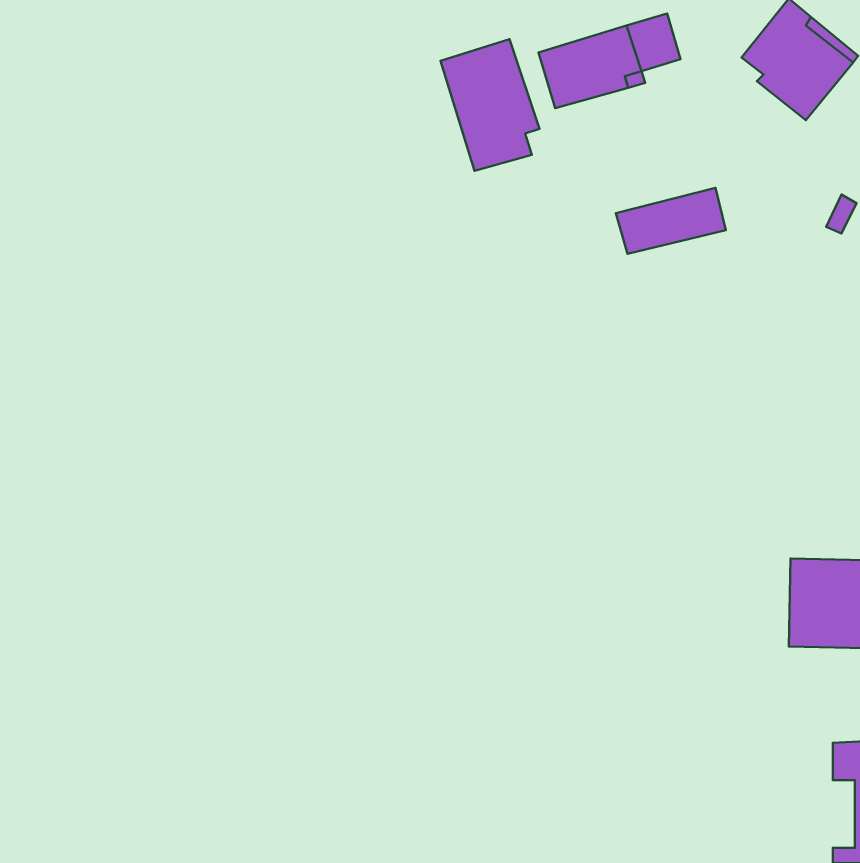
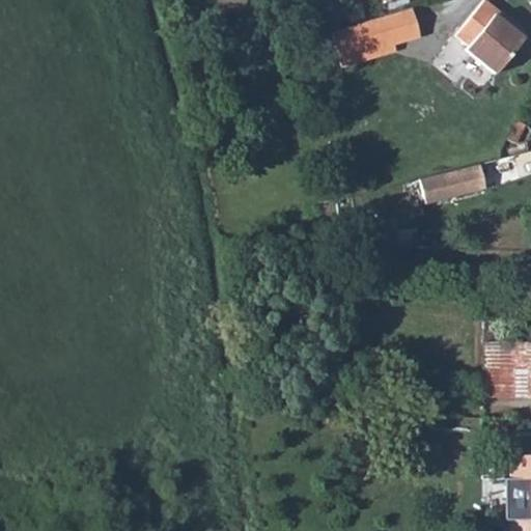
building: [441,39,540,171] -> none
building: [616,188,726,254] -> [419,164,486,204]

